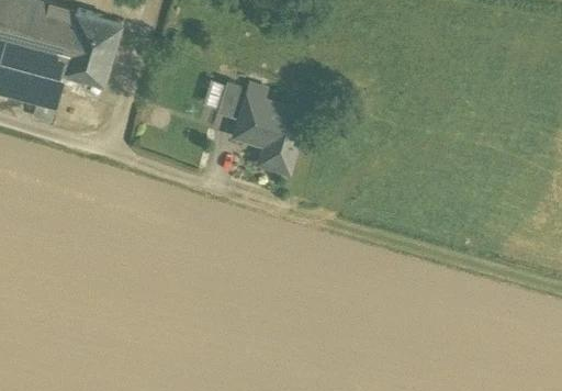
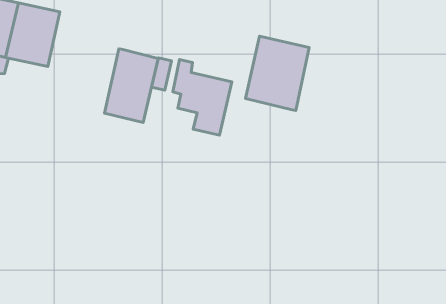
building: none -> [245,36,309,111]
building: none -> [104,49,158,122]

